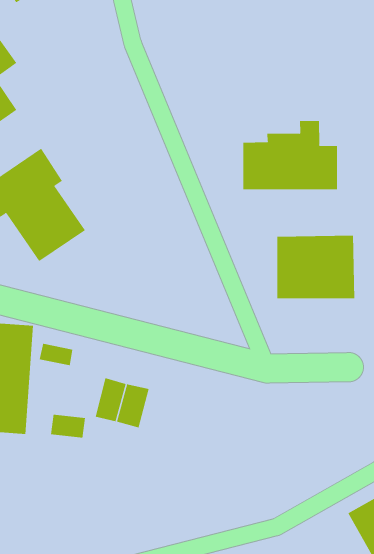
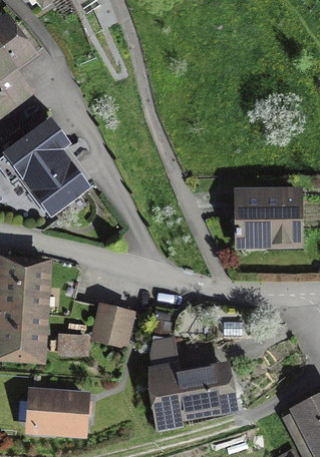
building: [243,120,337,190] -> none
building: none -> [145,348,232,431]
building: none -> [34,391,86,432]

